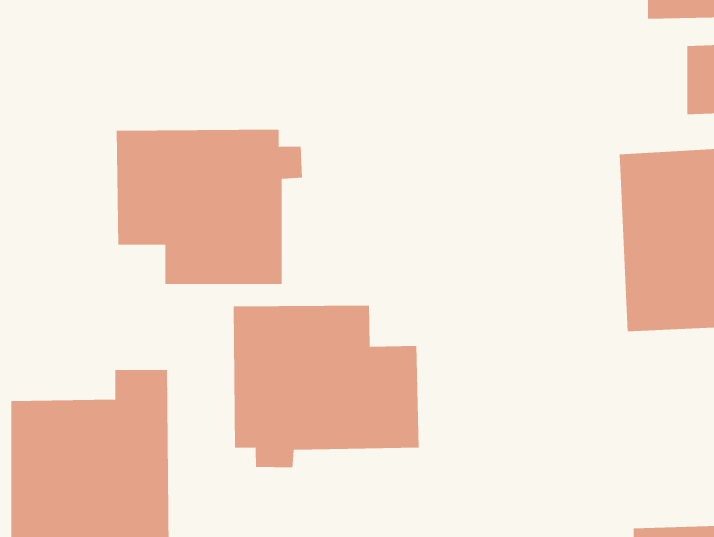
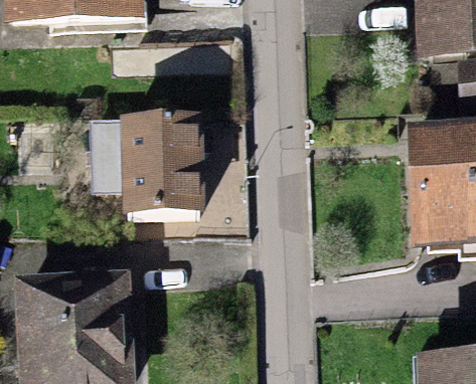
building: [233,305,419,468] -> none

